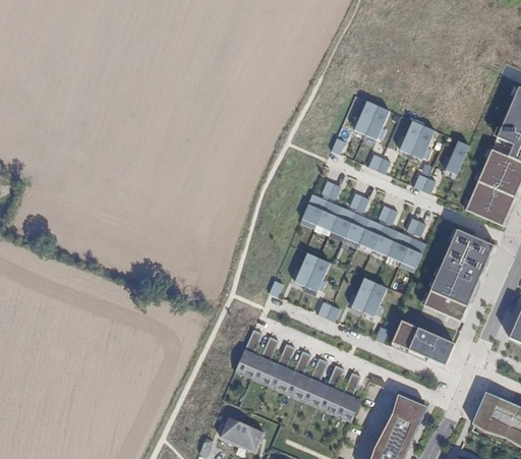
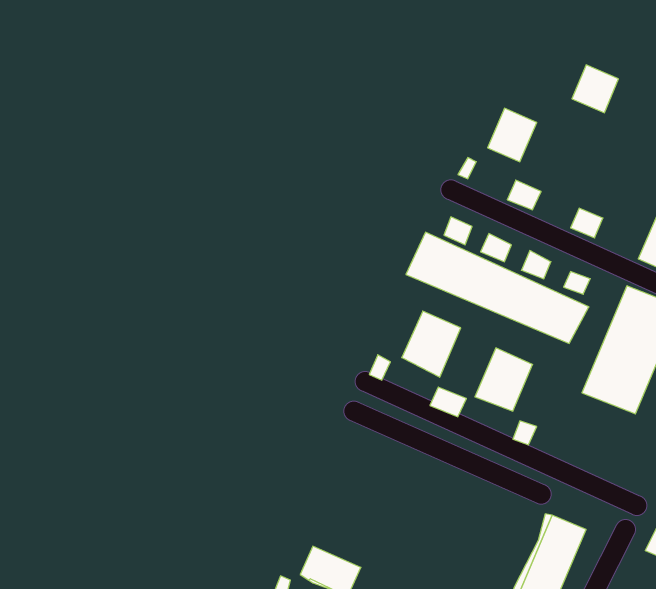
building: [402,123,436,158] -> [572,65,618,113]
building: [449,142,472,174] -> none
building: [388,322,452,366] -> none
building: [234,330,360,418] -> none

